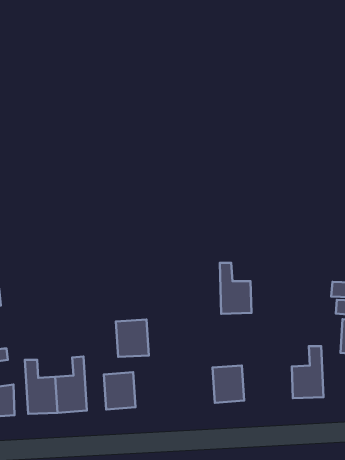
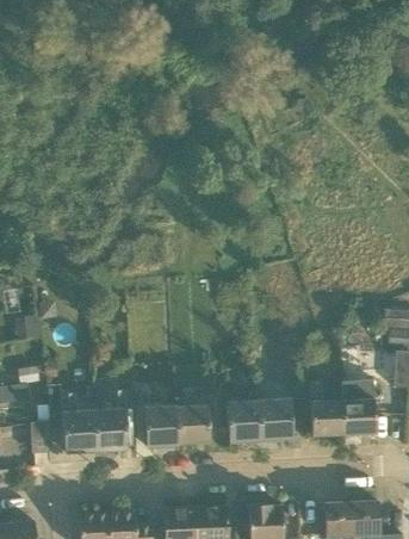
building: [220,263,252,314] -> [309,382,342,435]
building: [116,319,149,357] -> [174,404,209,444]
building: none -> [225,402,260,441]

